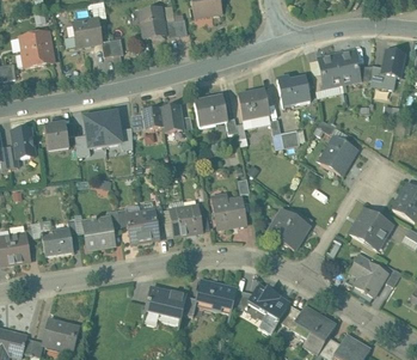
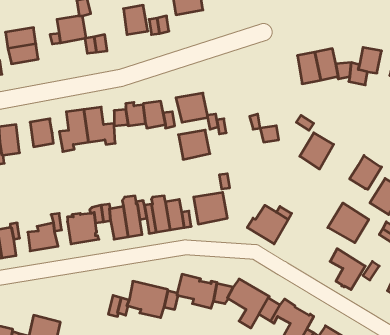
building: [277,75,309,105] -> none
building: [237,90,269,120] -> [178,130,210,159]
building: none -> [350,155,382,189]

